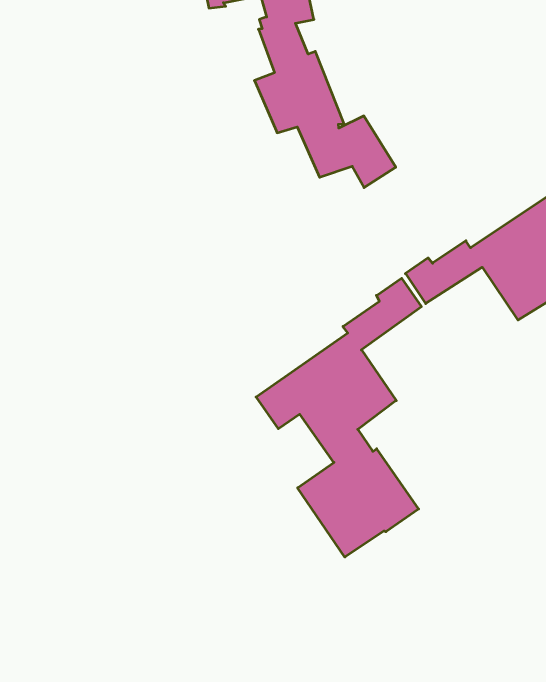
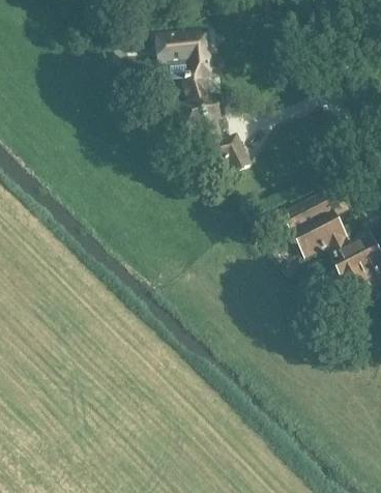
building: [256,278,421,557] -> none

